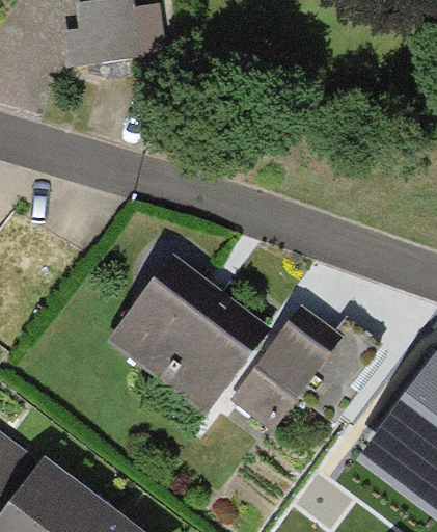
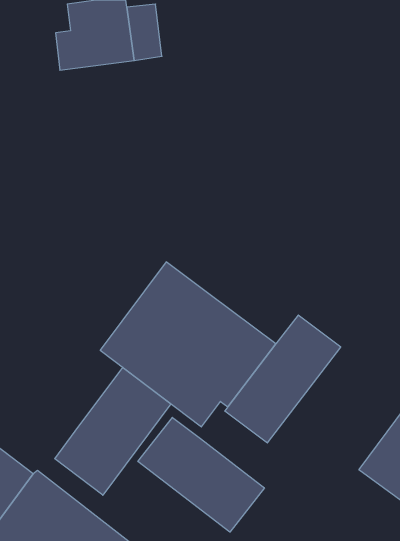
building: none -> [55,367,171,495]
building: none -> [138,417,264,532]

